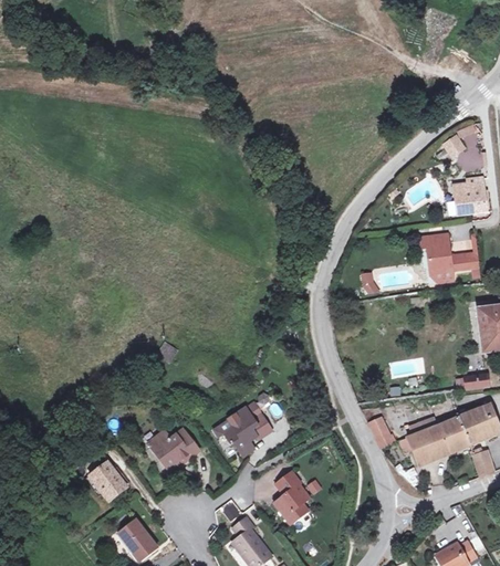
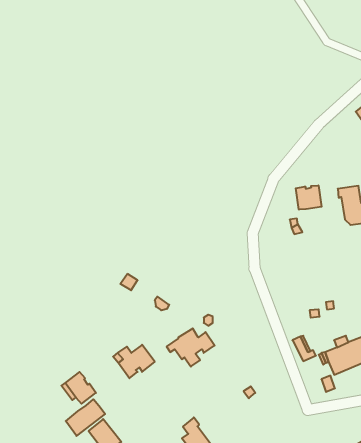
building: none -> [296,185,322,210]
building: [273,470,310,523] -> none
building: none -> [66,399,105,436]

